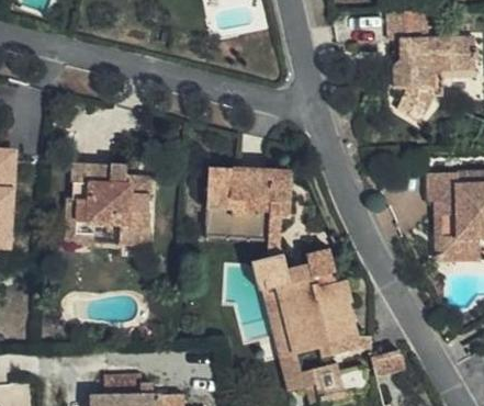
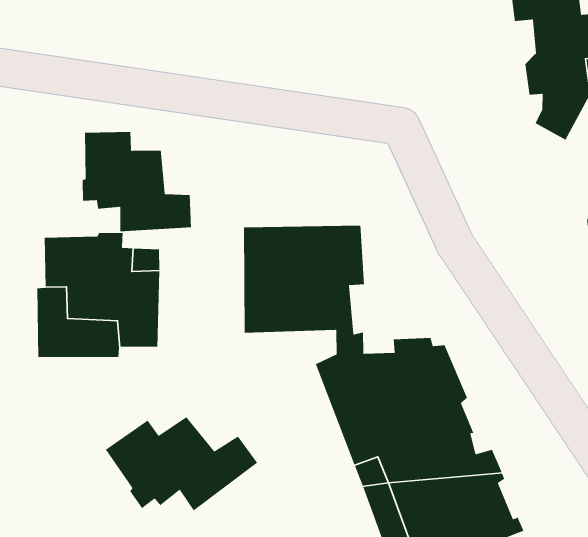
building: none -> [82,131,192,232]
building: none -> [105,416,258,511]

